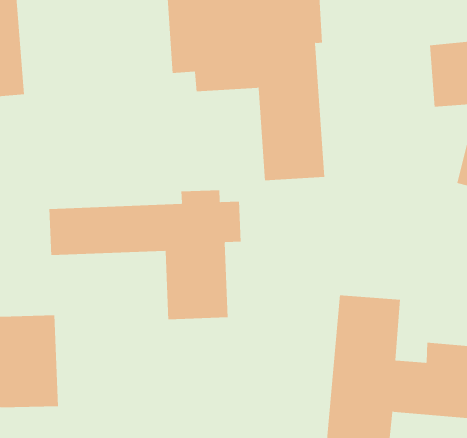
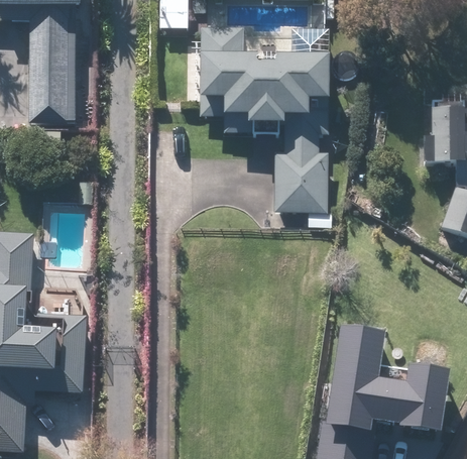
building: [49,189,241,320] -> none

